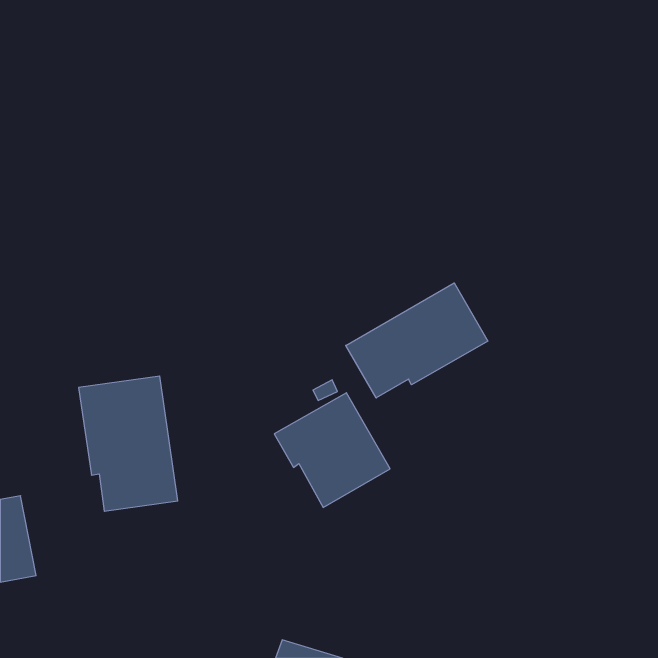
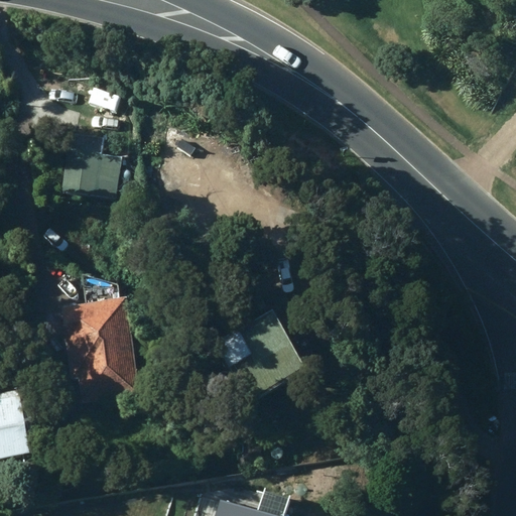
building: none -> [60,146,123,199]
building: [346,283,488,398] -> none

